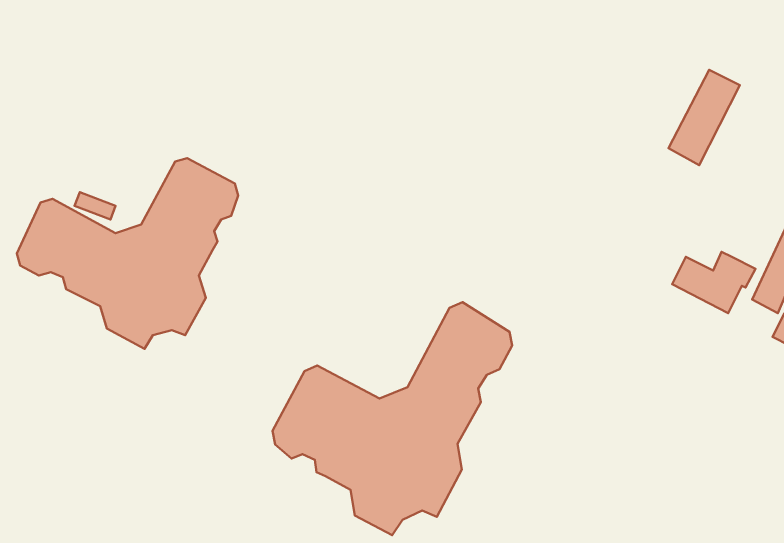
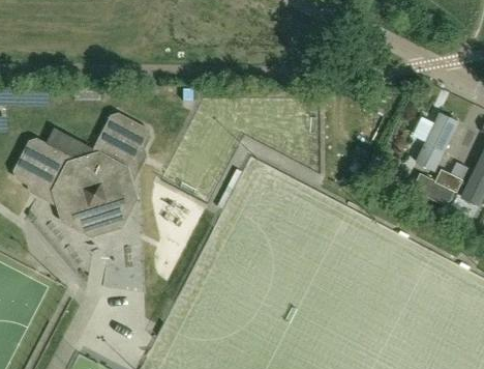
building: [668,70,740,165] -> [415,113,458,171]
building: [272,302,512,535] -> none

